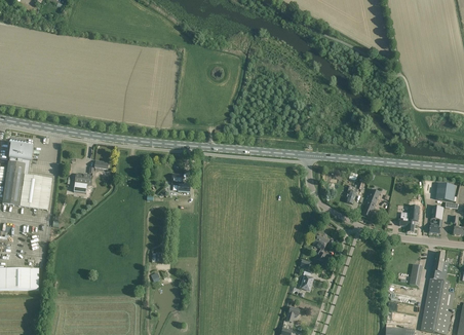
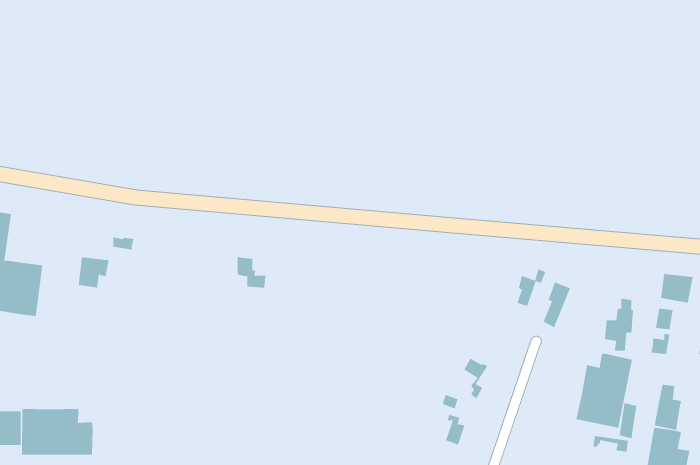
building: none -> [576,353,633,429]
building: none -> [22,408,94,456]

